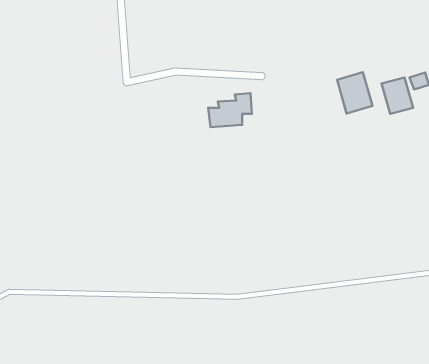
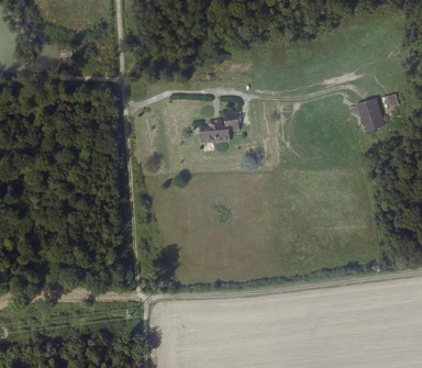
building: [337,72,372,113] -> none

